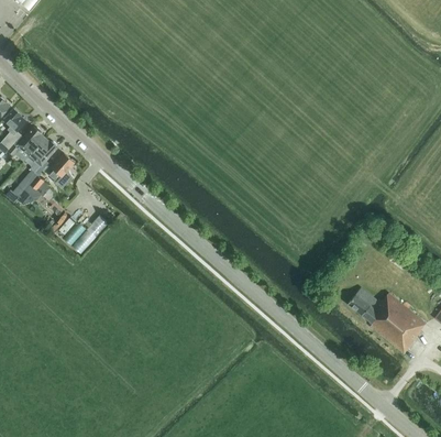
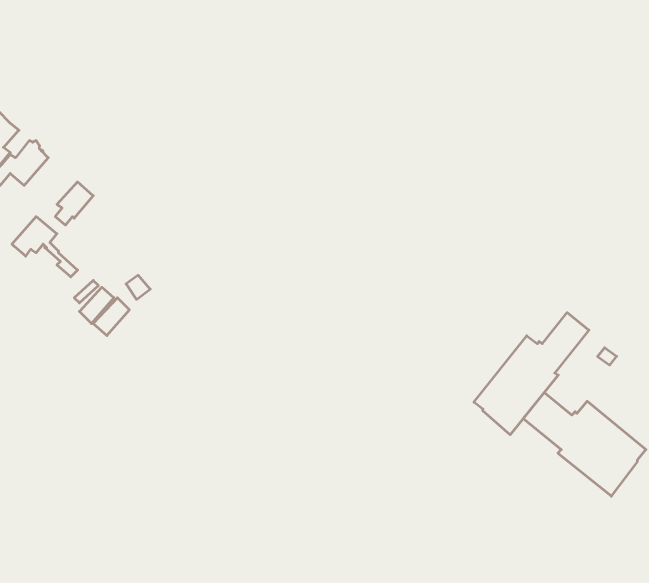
building: [30,139,57,176] -> none
building: none -> [474,313,589,435]

